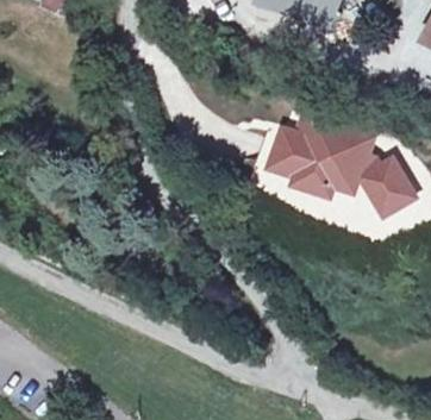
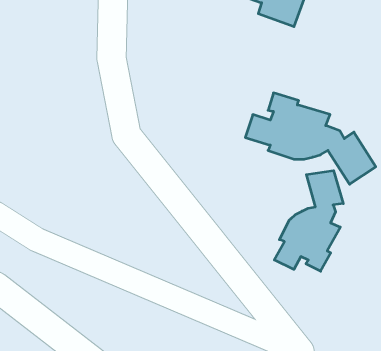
building: none -> [274,171,343,271]

